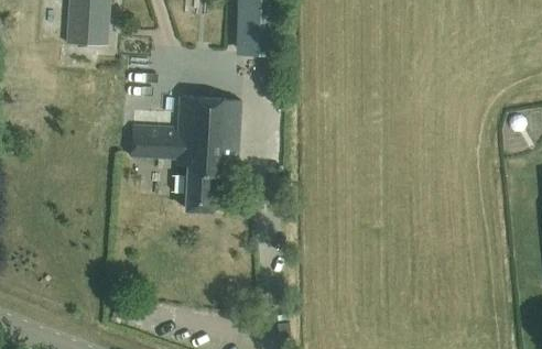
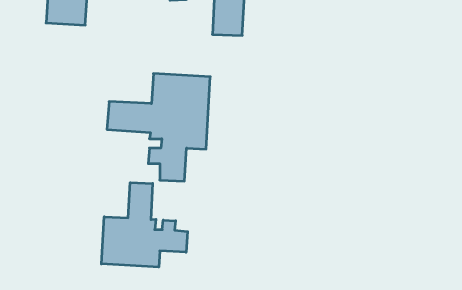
building: none -> [101,183,188,267]

